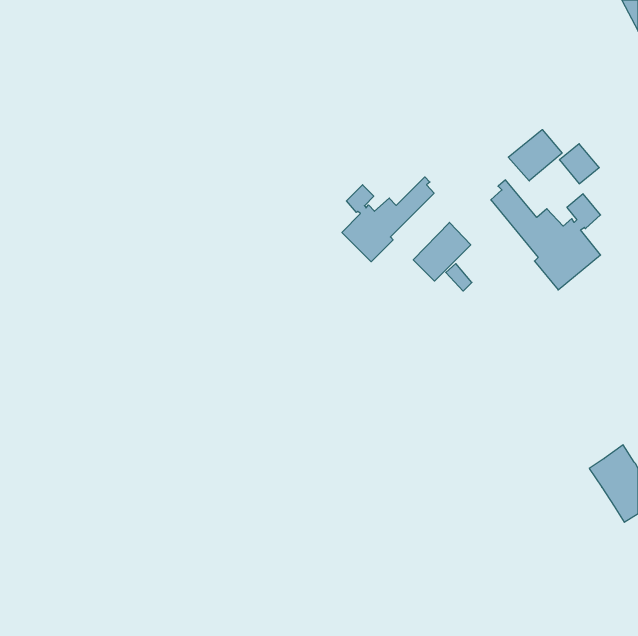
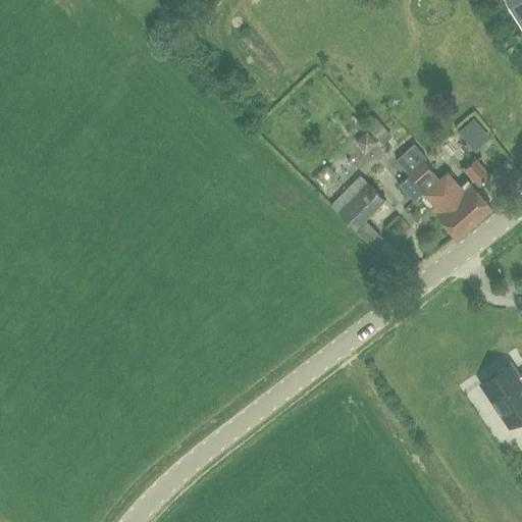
building: [508,130,562,181] -> none
building: [342,177,434,262] -> none

